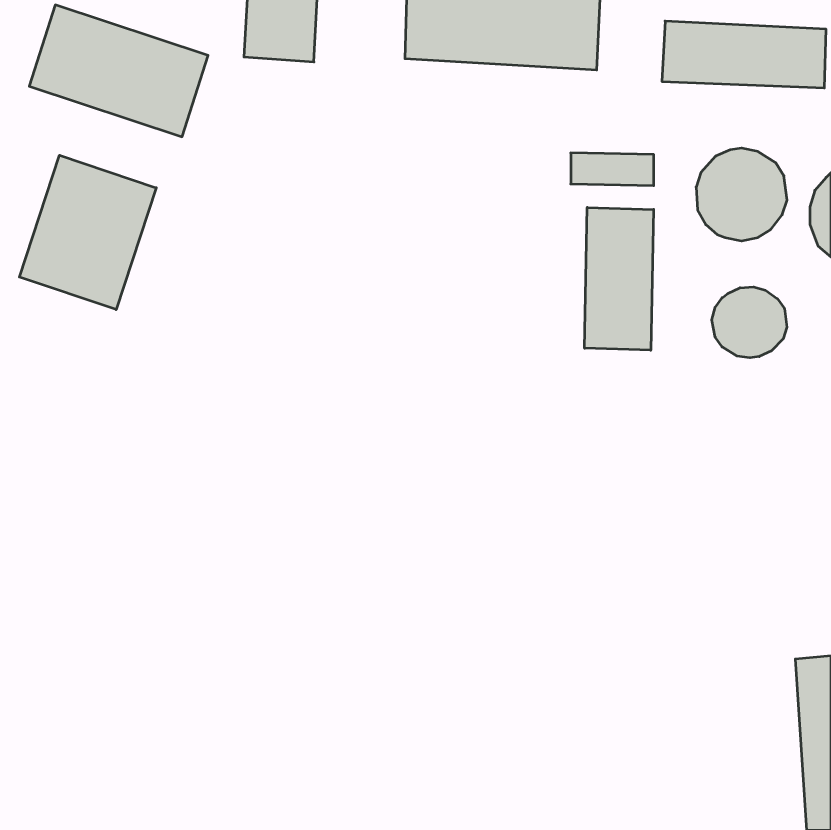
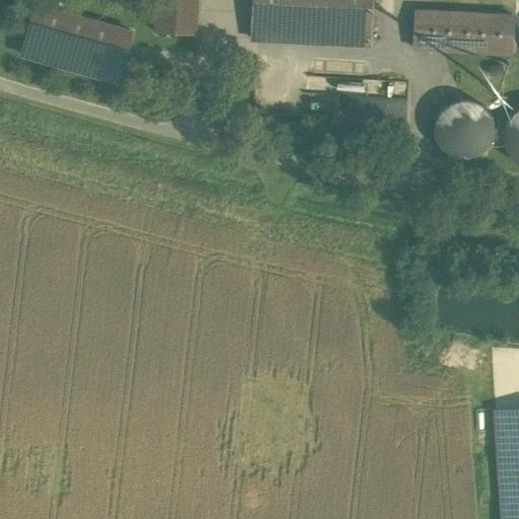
building: [19,155,156,310] -> none
building: [585,207,654,350] -> none
building: [712,287,787,358] -> none

